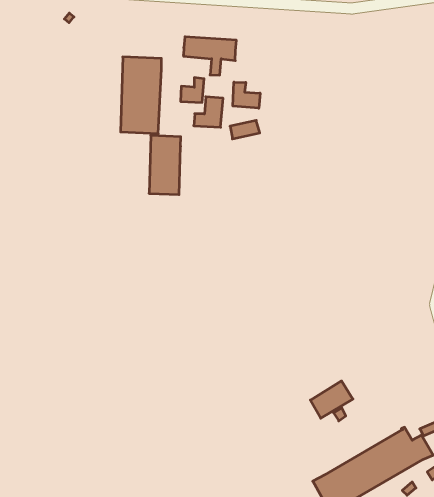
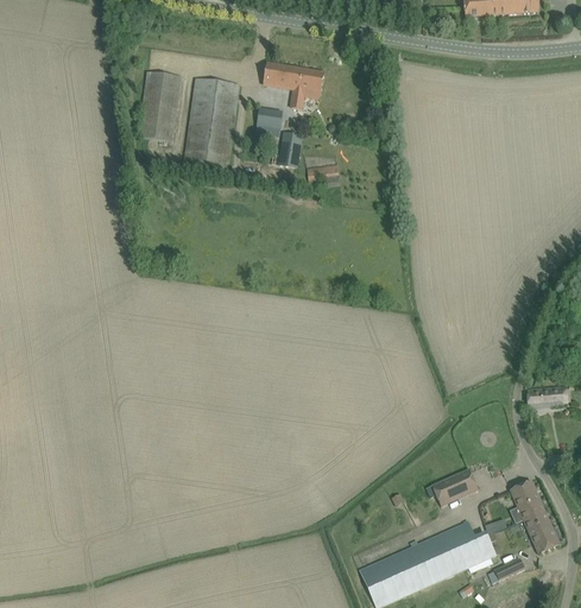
building: [233,82,260,108] -> none
building: [149,135,181,195] -> [139,71,181,140]
building: [310,381,353,418] -> [431,467,479,506]

